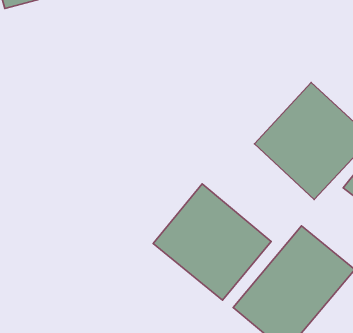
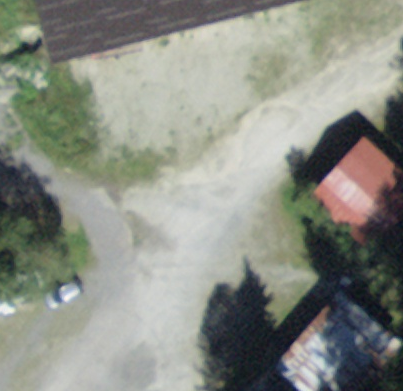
building: [153,184,271,300] -> none

